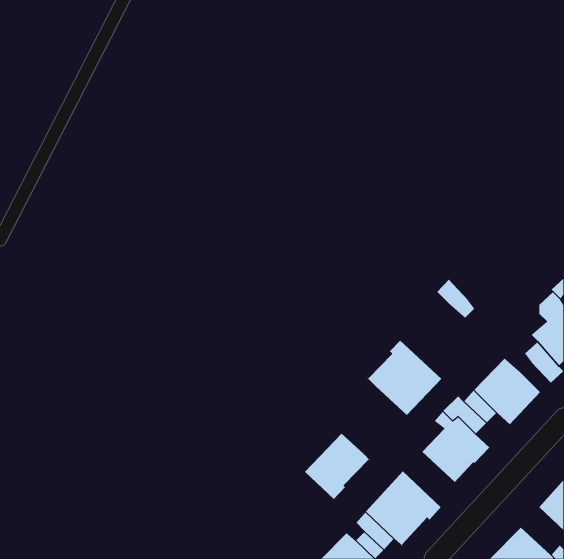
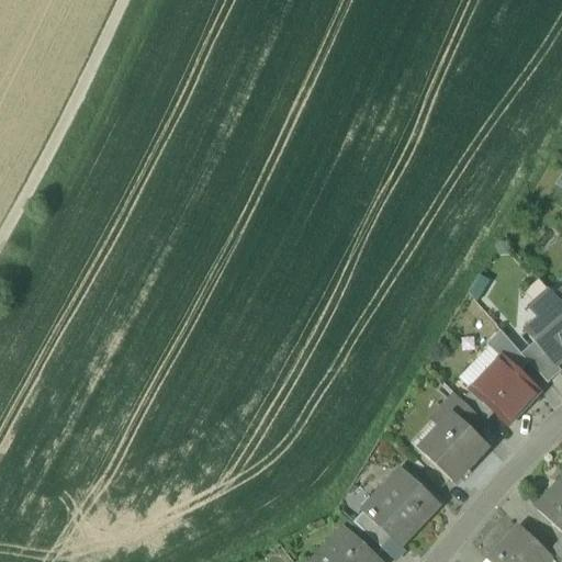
building: [437,279,475,318] -> [490,330,528,370]
building: [366,340,442,416] -> none
building: [304,433,370,500] -> none

